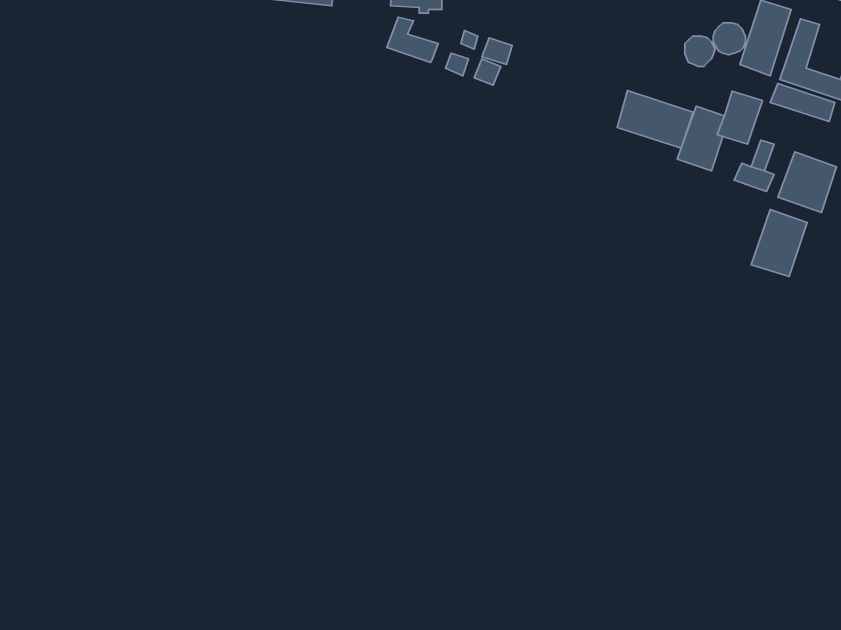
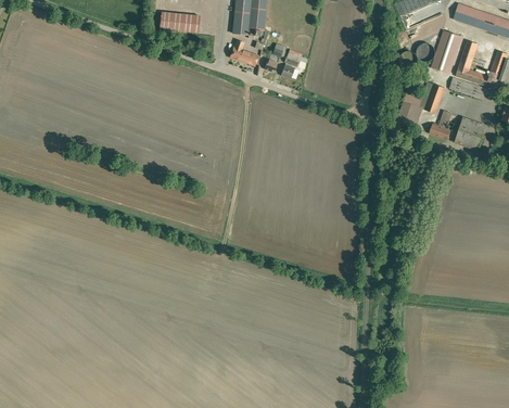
building: [617,90,693,148] -> none
building: [751,210,807,276] -> none

